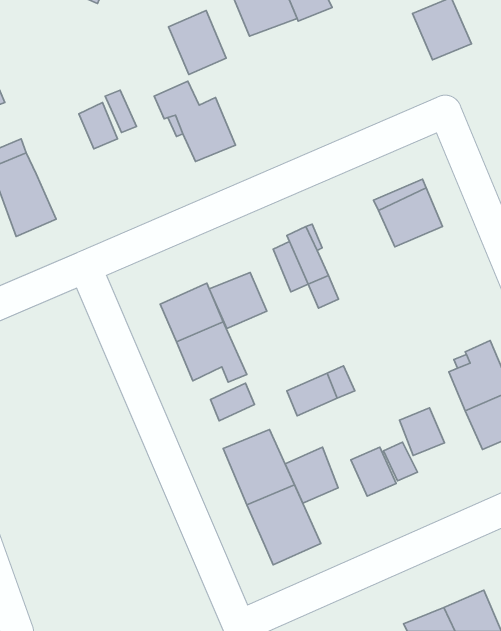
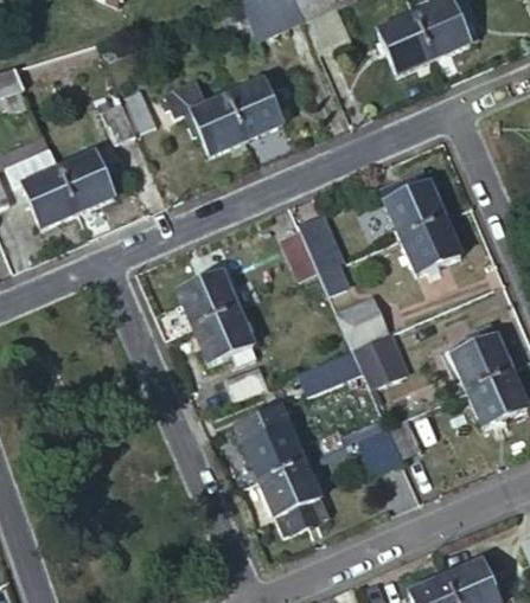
building: [169,10,226,74] -> [230,78,285,139]
building: none -> [378,14,435,75]
building: none -> [60,149,116,209]
building: none -> [400,216,461,271]
building: [209,273,267,328] -> none
building: none -> [336,295,387,345]
building: [400,408,445,455] -> [362,334,404,379]
building: [285,447,338,503] -> none

